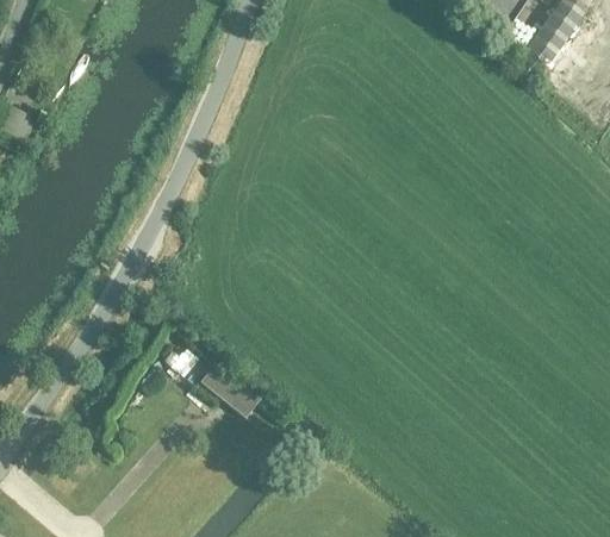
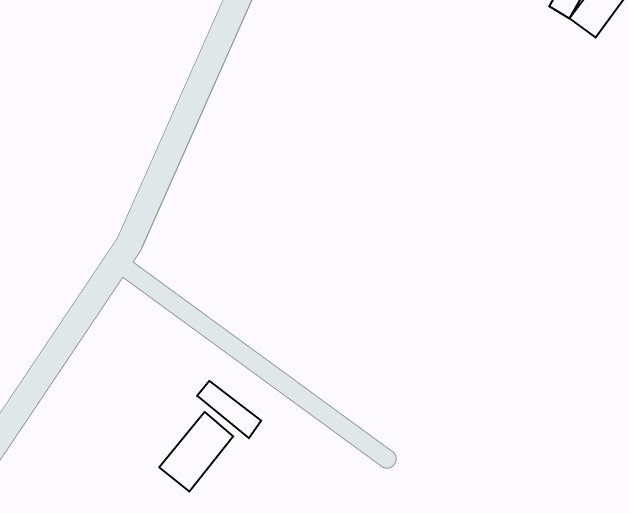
building: none -> [159,412,233,492]

